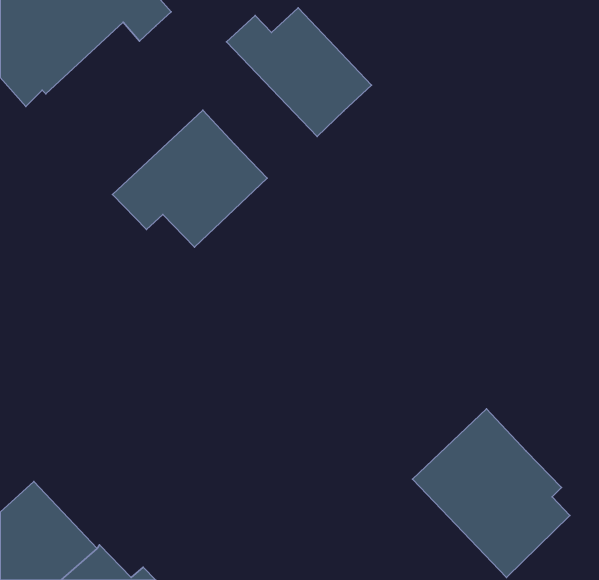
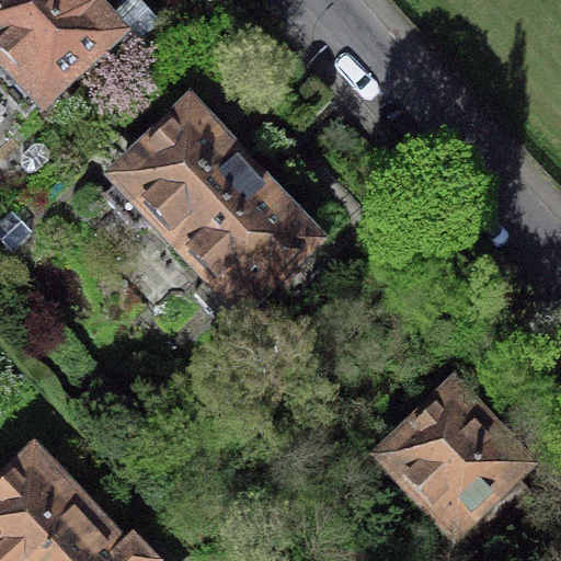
building: [227,8,371,136] -> none
building: none -> [182,167,310,310]

